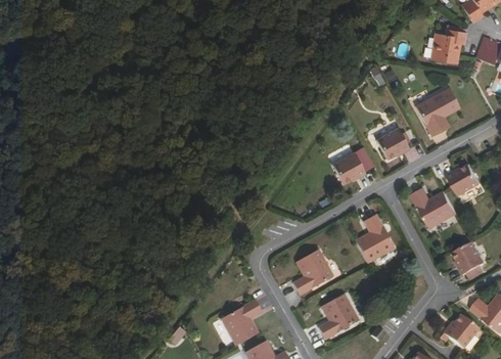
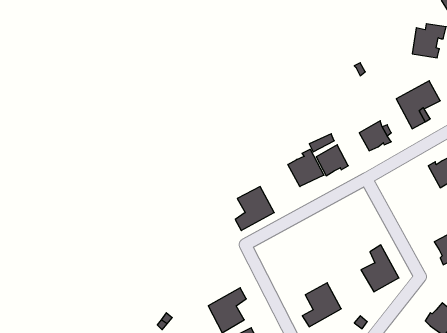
building: none -> [288,149,324,187]
building: [411,188,457,227] -> none
building: [355,215,394,263] -> [361,245,399,292]
building: [293,250,333,295] -> [235,187,274,231]

